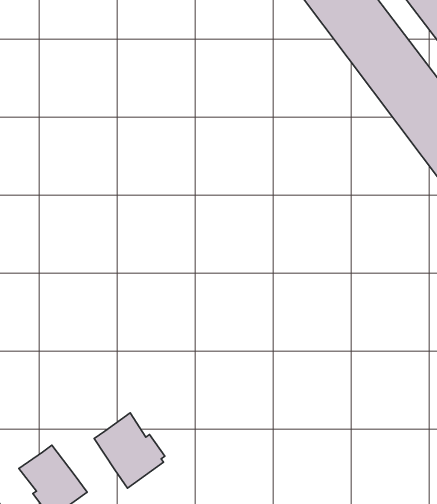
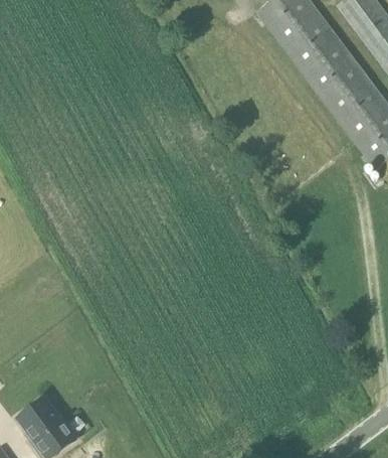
building: [94,413,165,488] -> none

